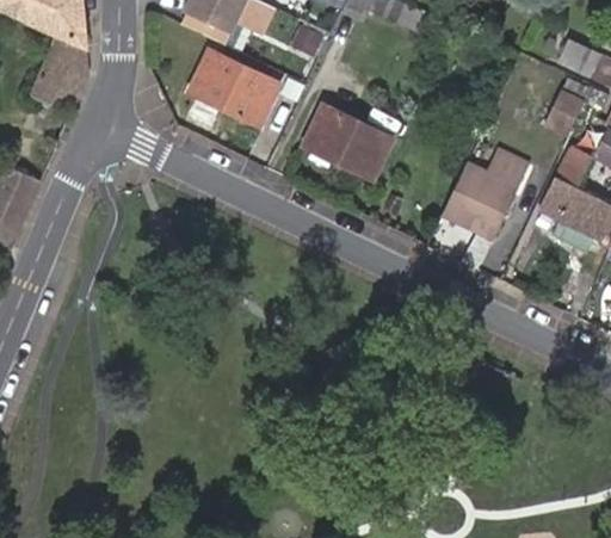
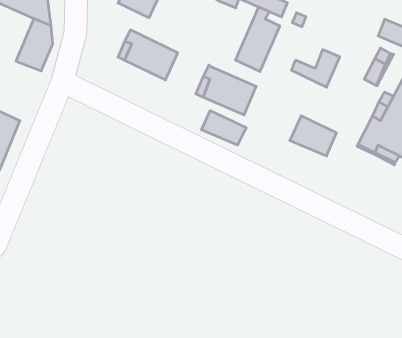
building: none -> [235,7,280,72]
building: [455,148,525,203] -> [291,50,340,87]
building: none -> [202,111,246,145]

